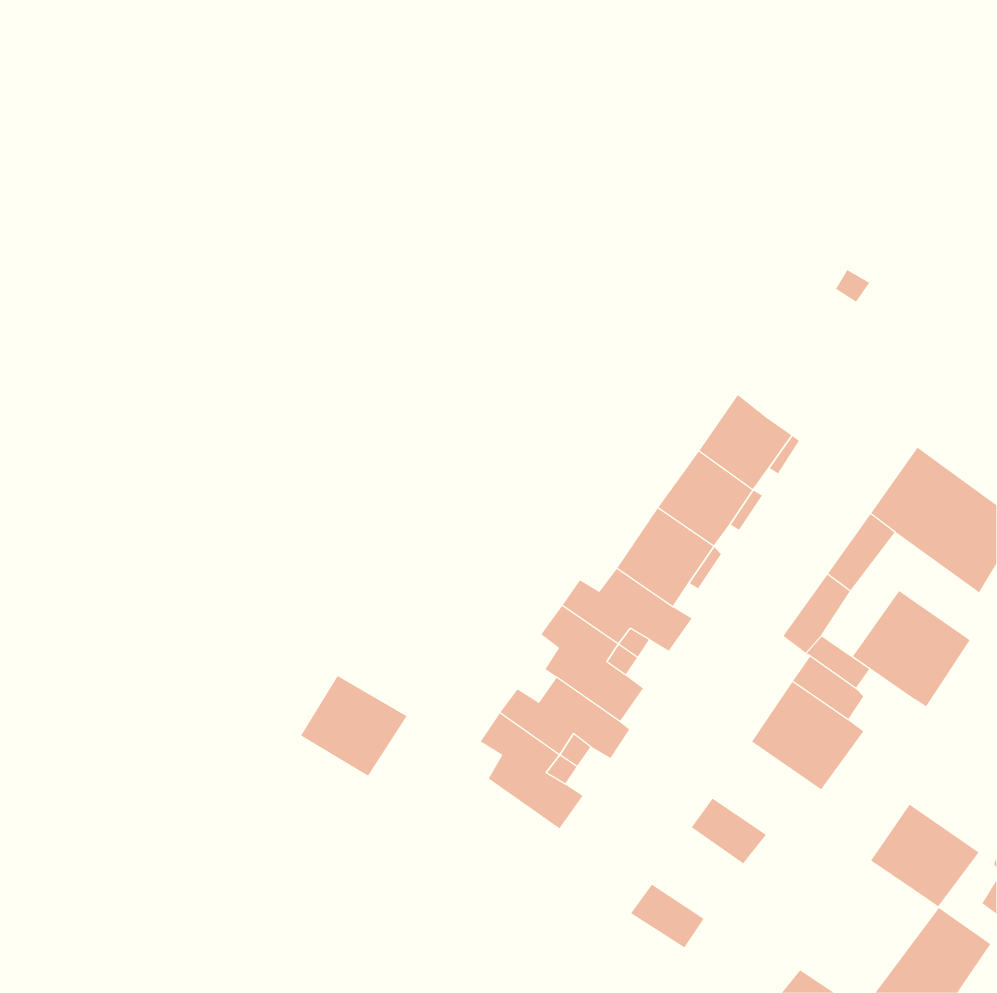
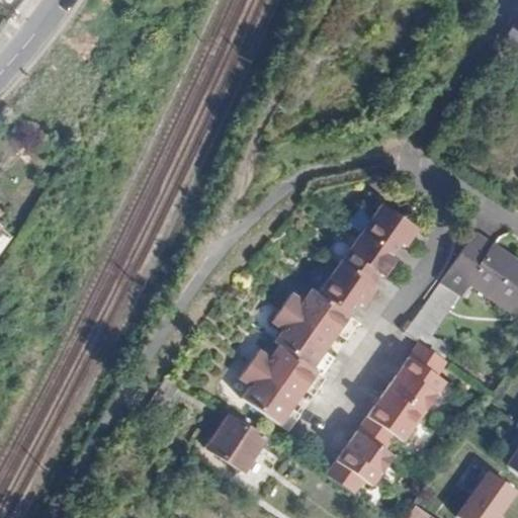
building: [852,590,971,707] -> none
building: [300,675,408,777] -> [207,417,263,469]
building: [870,804,979,907] -> [369,384,426,438]
building: none -> [338,429,393,483]

